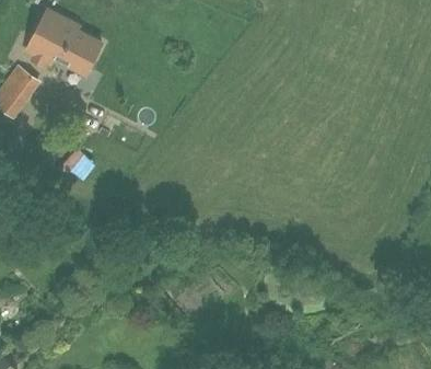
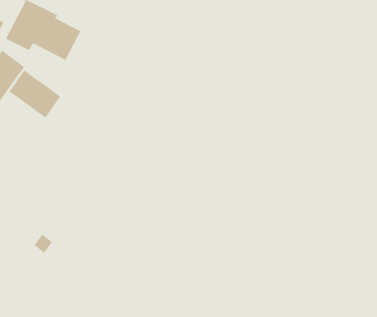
building: none -> [9,70,61,118]

